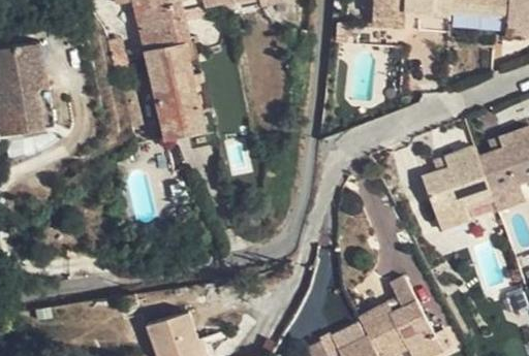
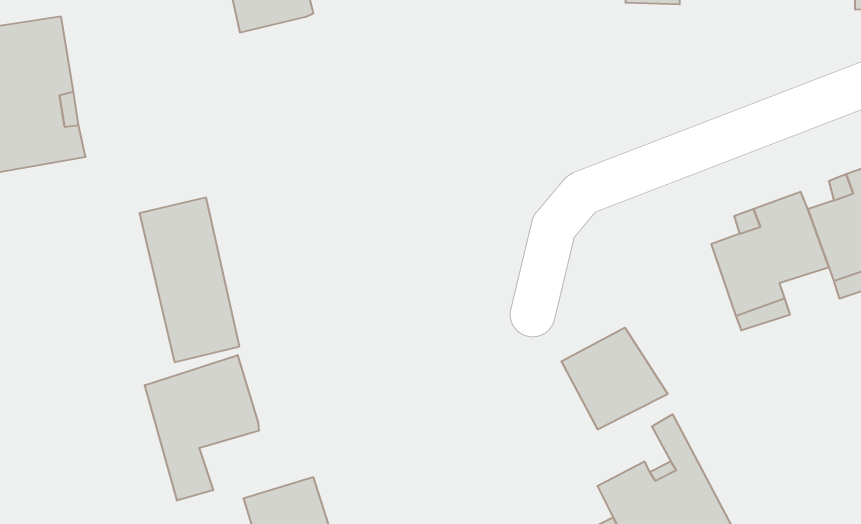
building: [146,42,205,139] -> [139,197,239,362]
building: none -> [561,328,668,430]
building: none -> [145,355,259,501]

